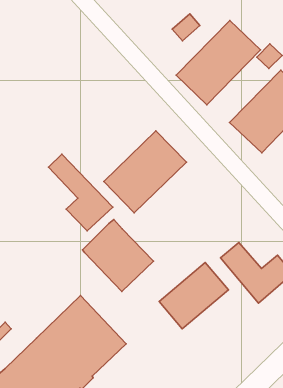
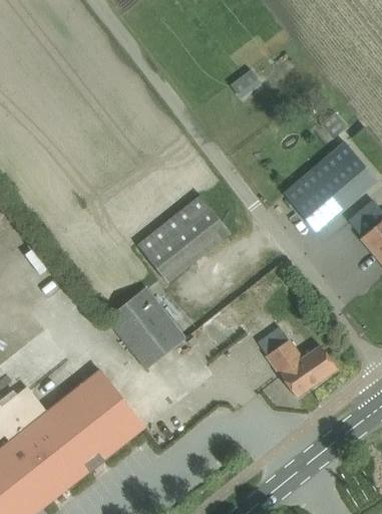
building: [176,20,260,105] -> none
building: [48,154,113,231] -> none
building: [159,263,229,329] -> none

